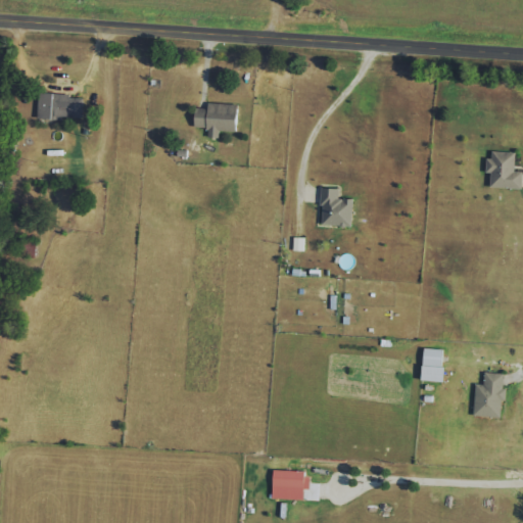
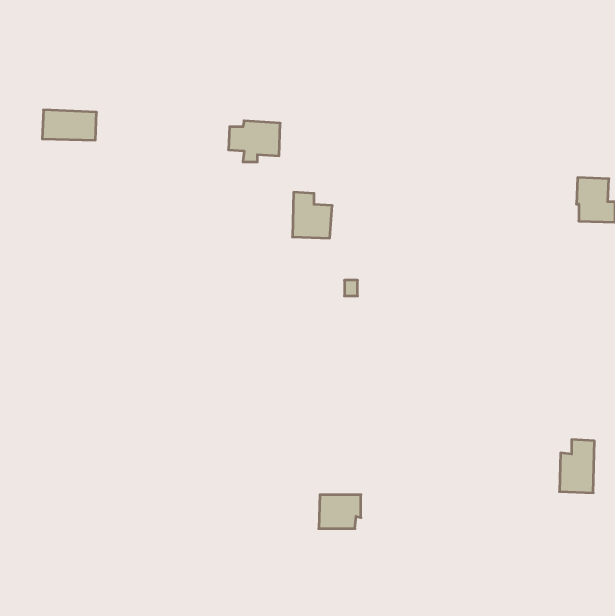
building: [319,187,352,226] -> [292,192,332,238]
building: [422,347,444,381] -> none
building: [271,470,306,498] -> [319,495,361,529]

